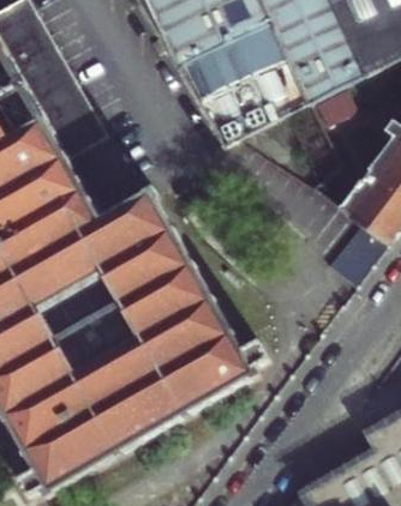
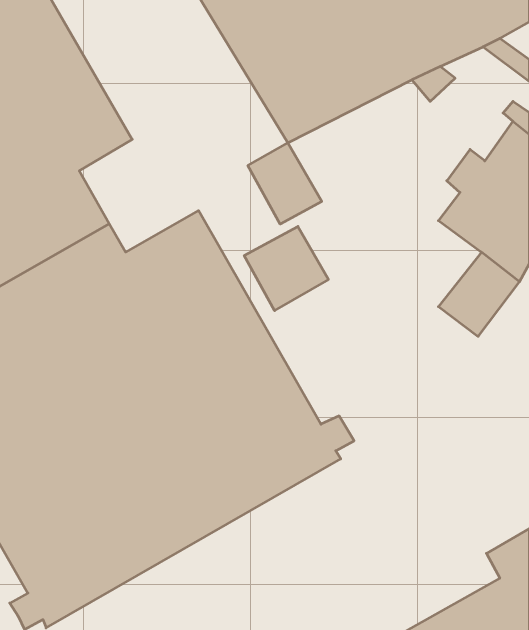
building: none -> [248,143,322,224]
building: none -> [244,226,328,311]

